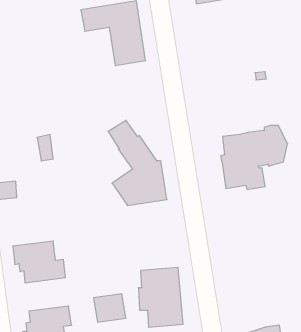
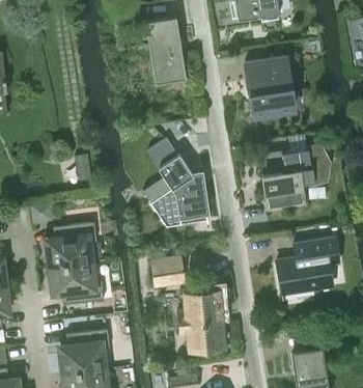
building: none -> [245,57,295,117]
building: none -> [47,223,96,269]
building: none -> [276,239,339,295]
building: [94,294,126,322] -> [151,258,185,287]

